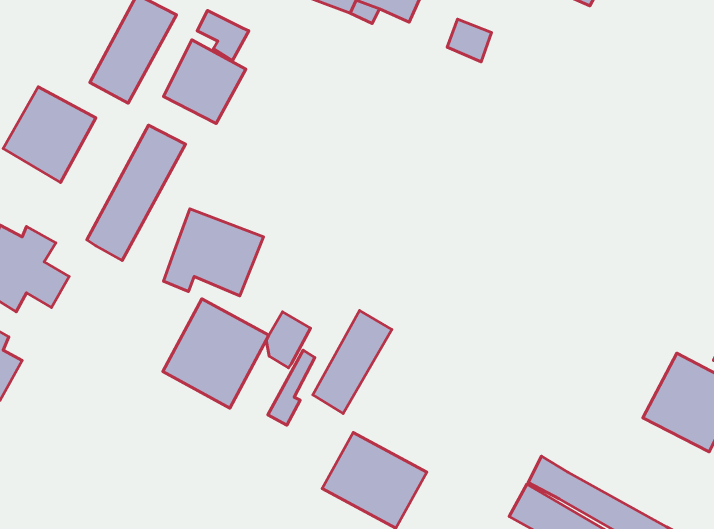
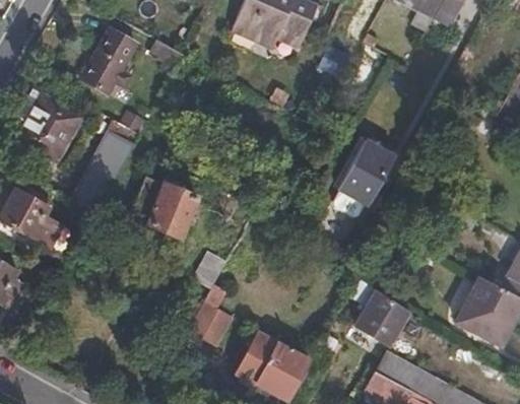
building: [163,40,246,123] -> none
building: none -> [333,141,390,215]
building: [163,299,269,408] -> none
building: [313,310,392,414] -> none
building: none -> [359,288,409,345]

